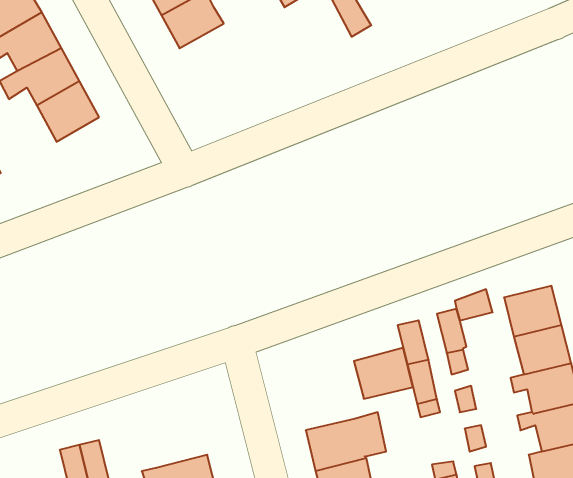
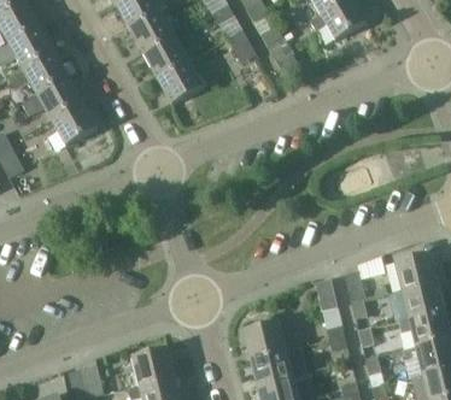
building: none -> [156,60,203,105]
building: [354,348,413,399] -> [241,322,285,359]
building: none -> [131,348,176,387]

